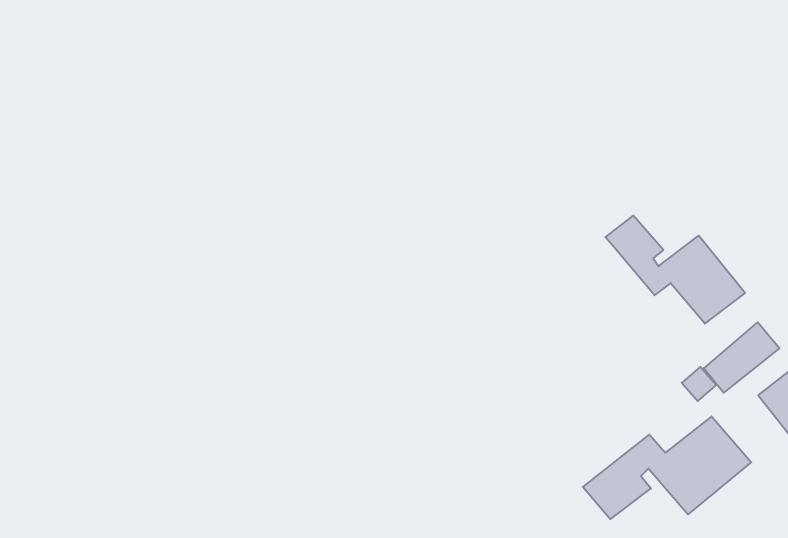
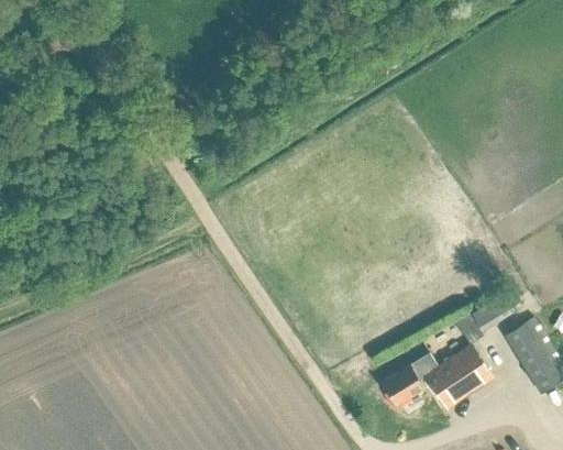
building: [605,216,745,324] -> none

